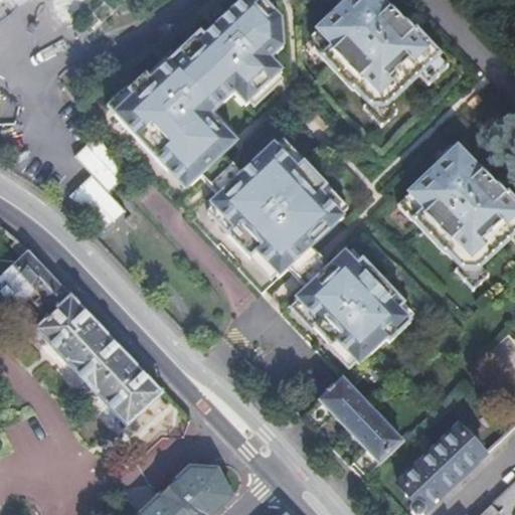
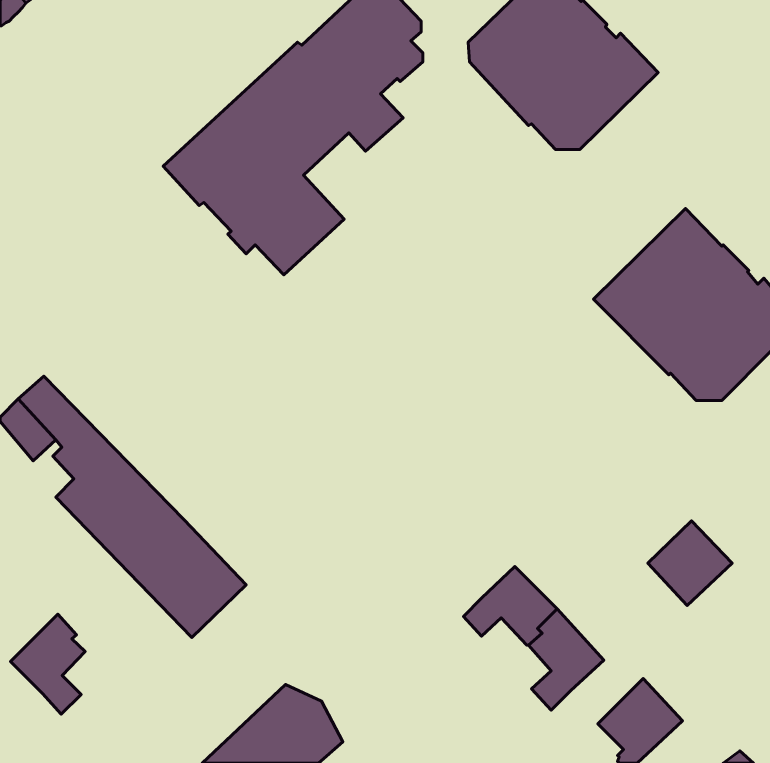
building: [209,139,344,275] -> none
building: [296,248,411,363] -> none
building: none -> [10,614,85,714]
building: [430,423,486,480] -> [648,521,732,605]

